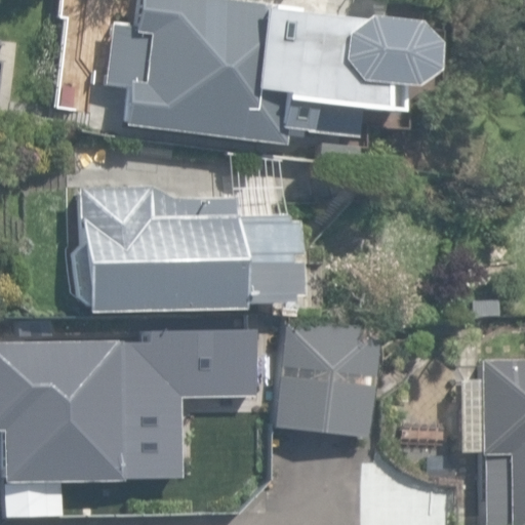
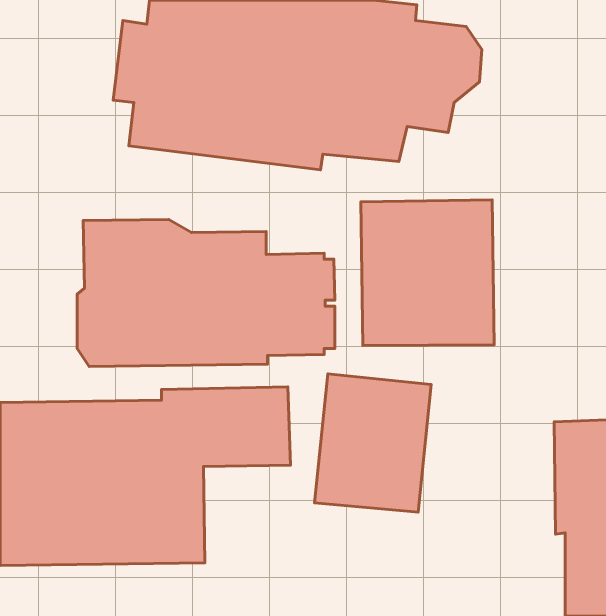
building: none -> [361,200,494,345]

